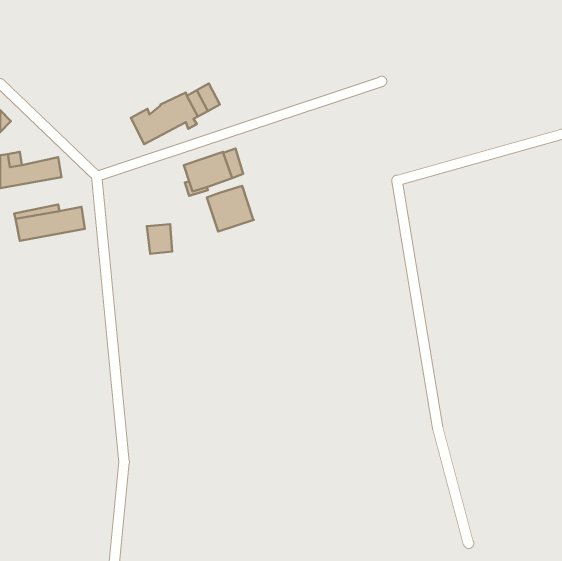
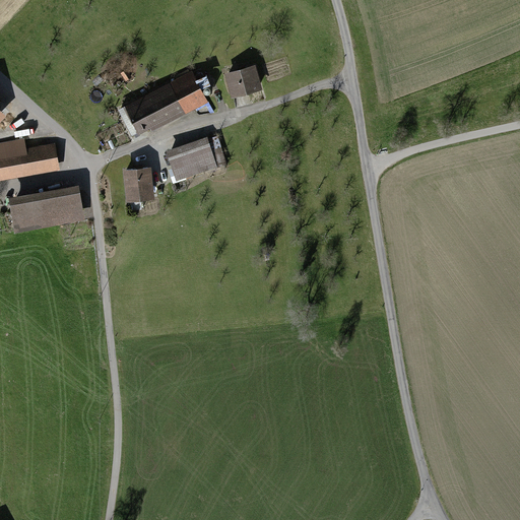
building: none -> [229,68,259,94]
building: [207,186,254,232] -> none
building: [147,224,172,254] -> [127,169,150,196]

